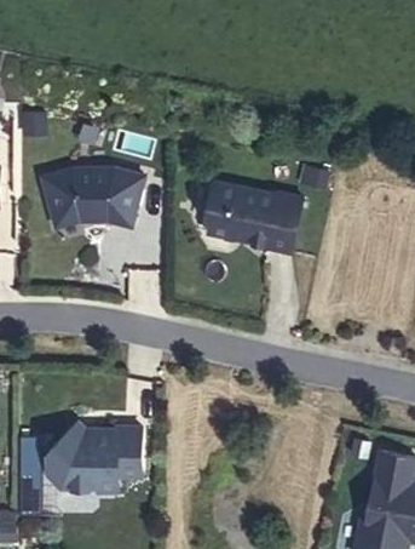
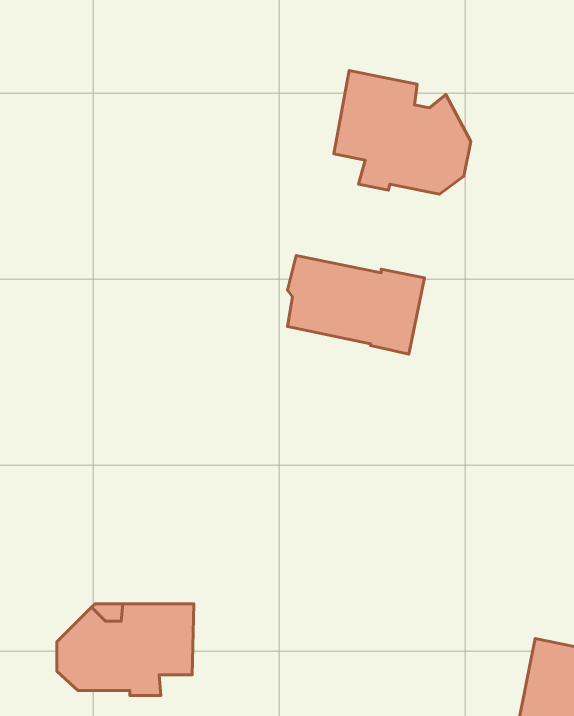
building: none -> [334,70,471,194]
building: [42,170,144,228] -> none

